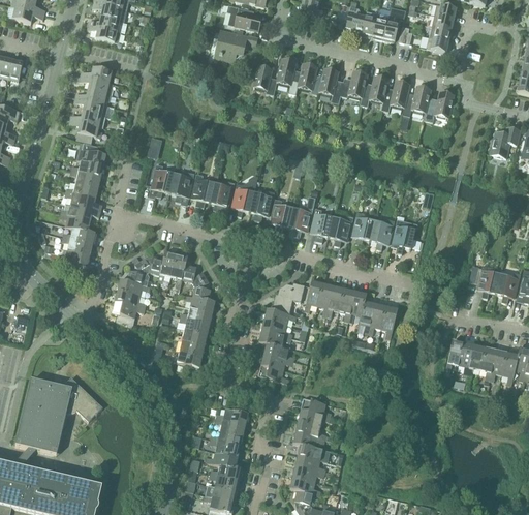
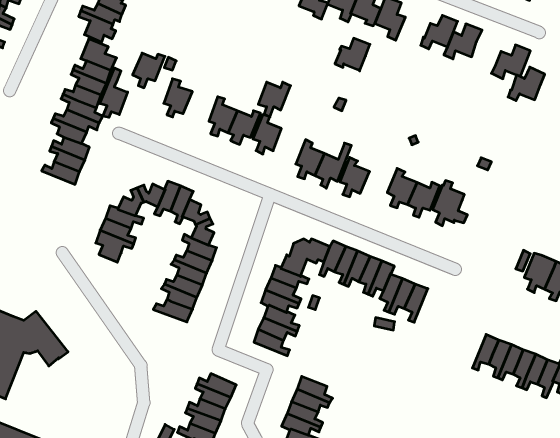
building: [341,70,368,97] -> [335,38,370,71]
building: [403,85,431,115] -> [508,67,545,101]
building: none -> [100,68,128,117]
building: [169,171,194,201] -> [133,53,165,88]
building: [250,189,275,220] -> [258,82,291,117]
building: [329,214,353,245] -> none

